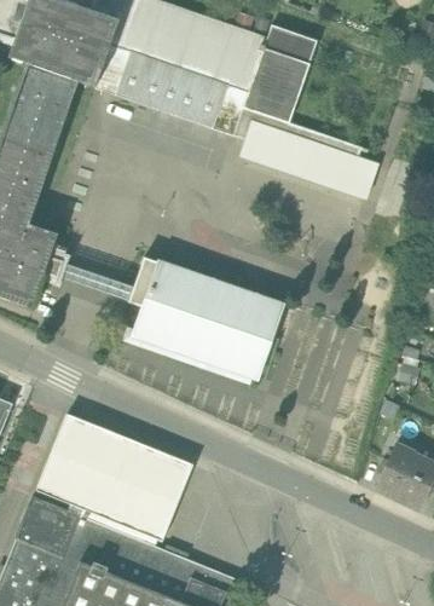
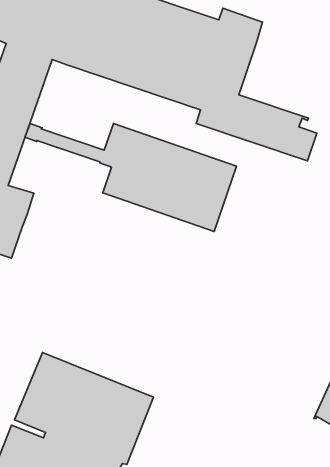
building: [45,256,284,379] -> [25,123,237,231]

